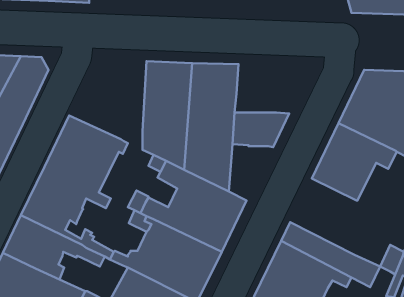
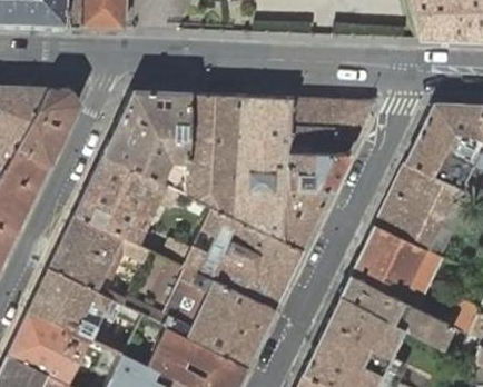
building: none -> [103,92,190,195]
building: none -> [289,98,375,152]
building: none -> [283,188,333,251]
building: none -> [352,227,443,312]

